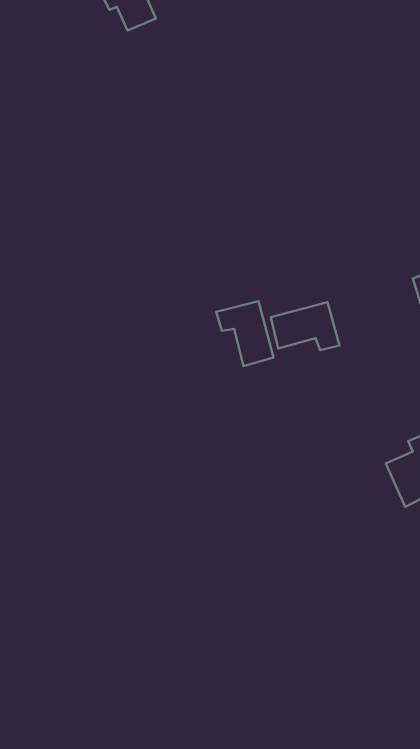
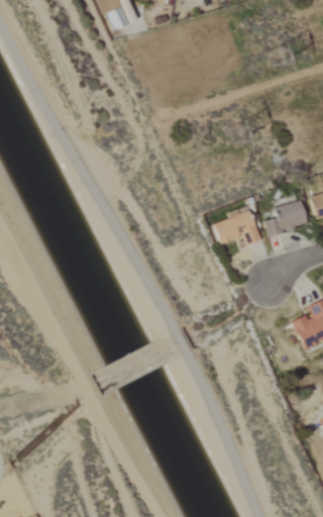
building: none -> [265,199,308,233]
building: [216,301,273,366] -> none

